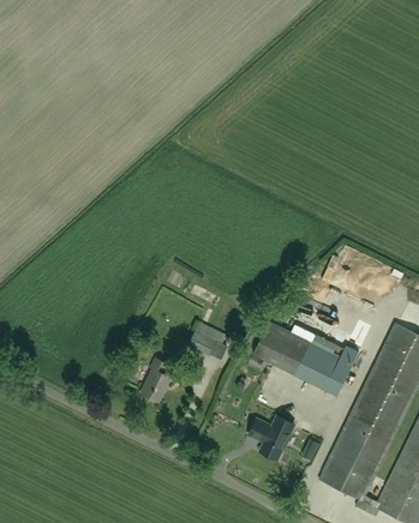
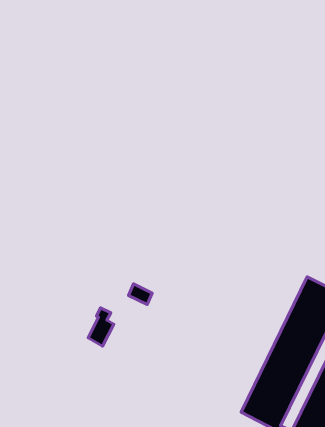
building: [252,321,358,395] -> none
building: [249,416,293,459] -> none

